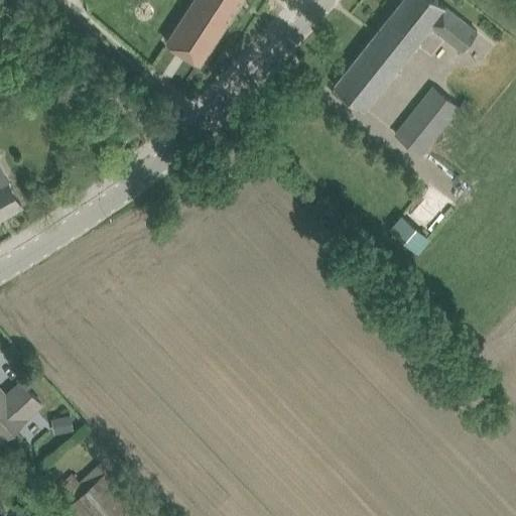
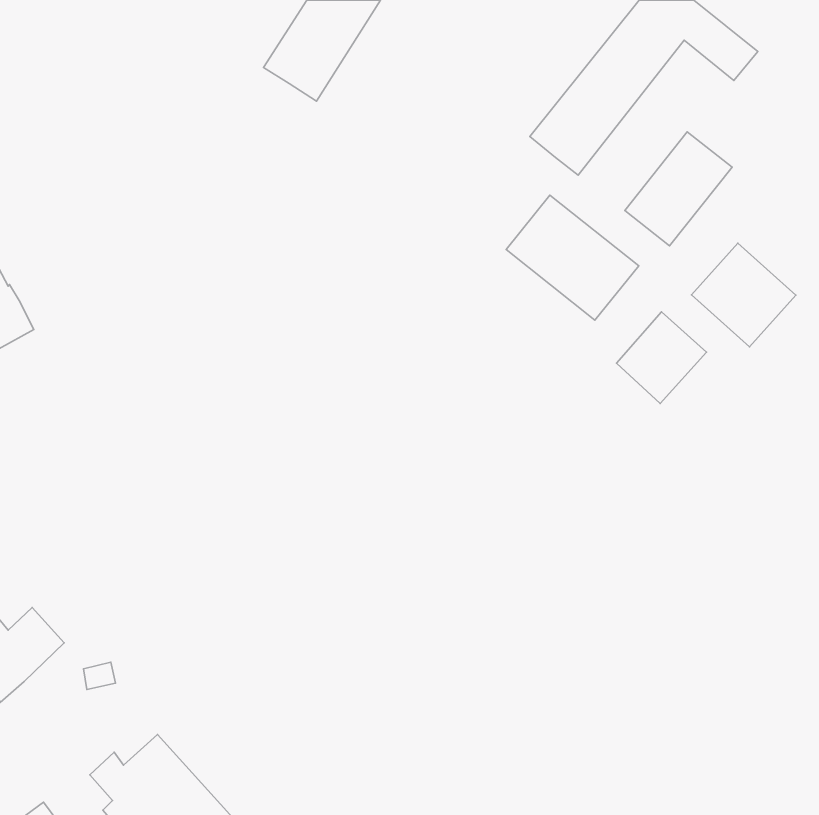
building: none -> [506,195,639,320]
building: none -> [691,243,796,347]

